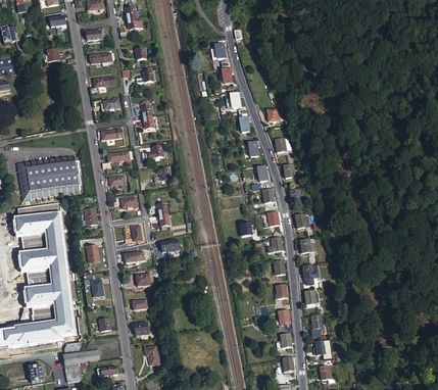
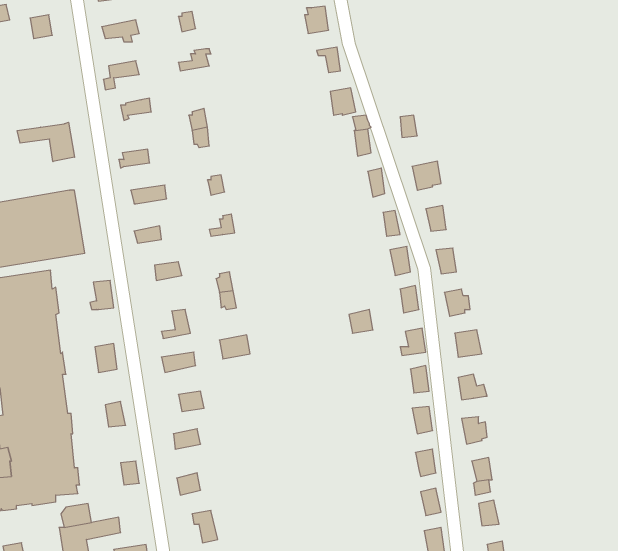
building: none -> [17,122,75,162]

